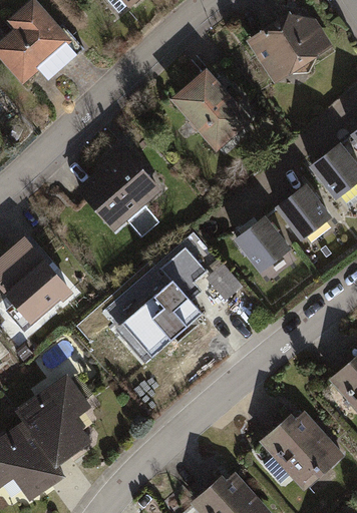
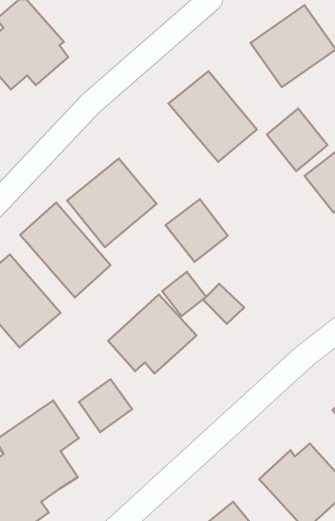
building: [268,182,324,240] -> [267,108,327,171]
building: none -> [20,203,110,298]
building: [225,214,283,273] -> [165,199,228,262]
building: none -> [79,379,132,432]

